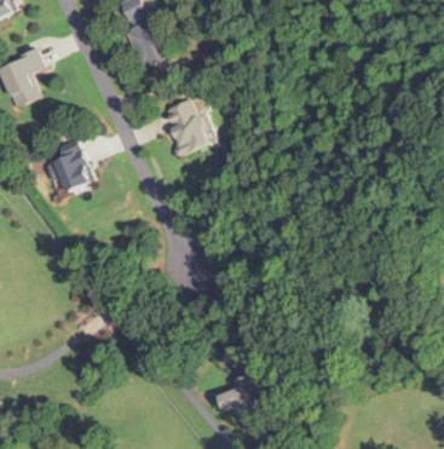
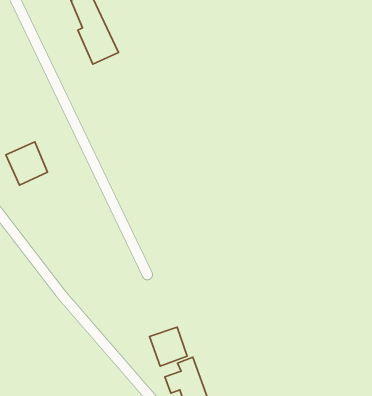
building: [161,99,208,156] -> none
building: none -> [150,327,187,366]

